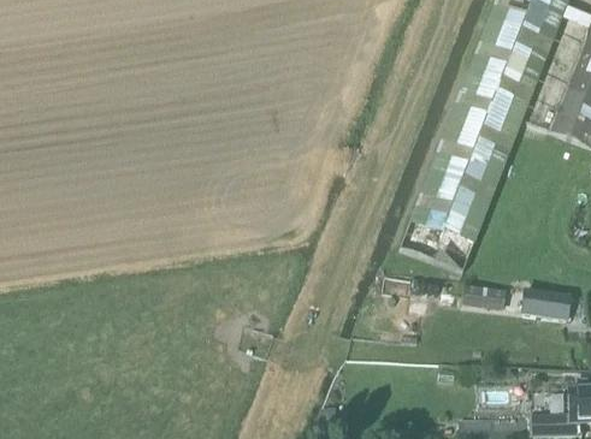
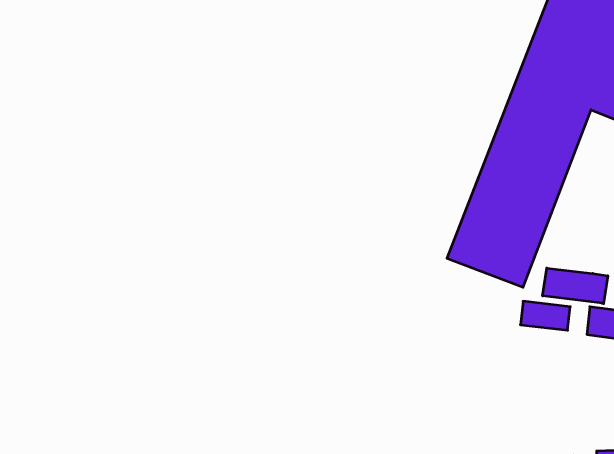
building: none -> [543,268,608,304]

